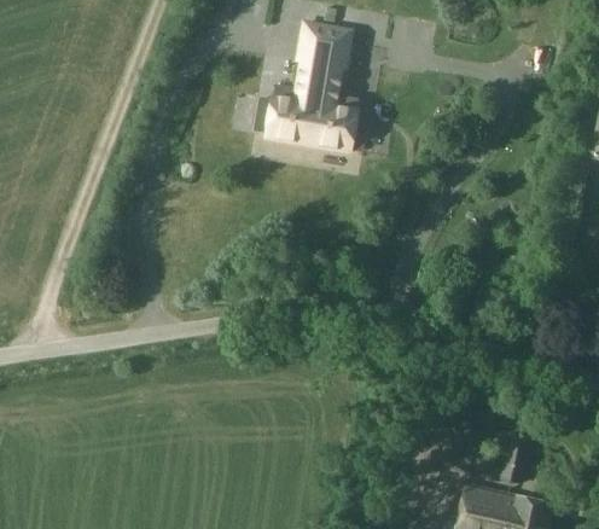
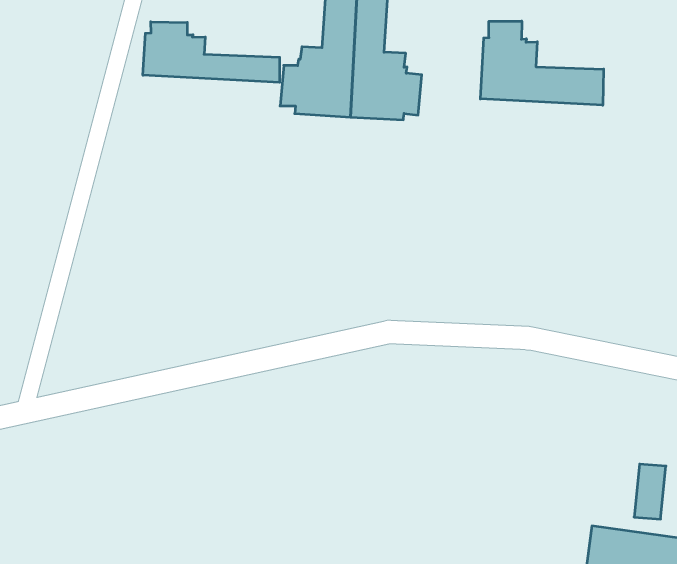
building: none -> [143,22,280,82]
building: none -> [480,21,604,105]

